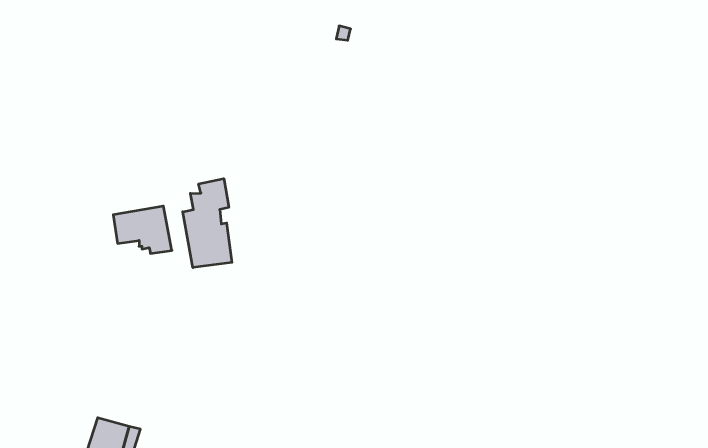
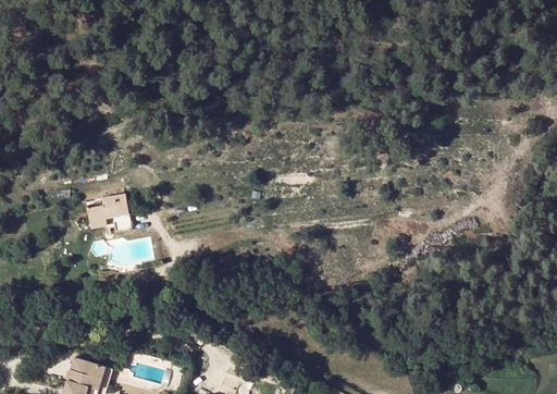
building: [183,179,232,268] -> none

